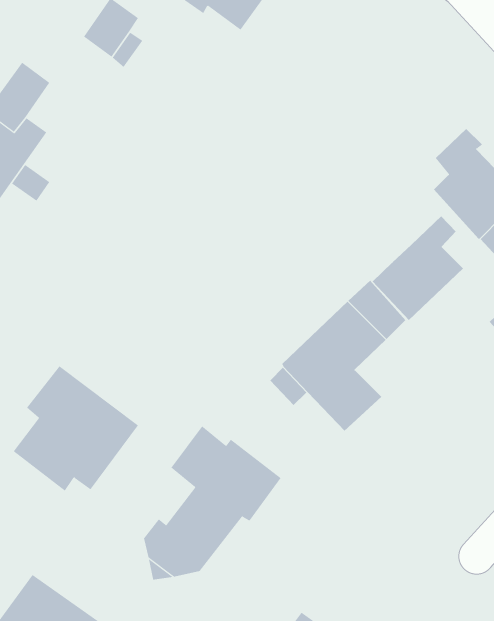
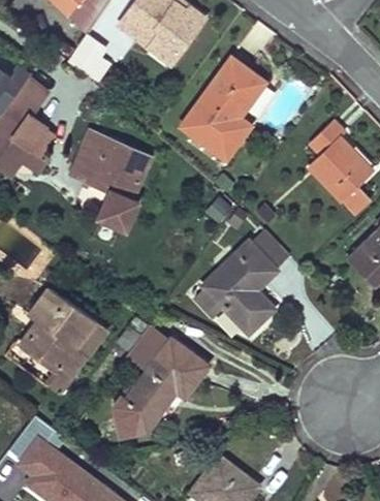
building: none -> [181,58,265,160]
building: none -> [72,132,149,230]
building: [372,215,464,321] -> none

